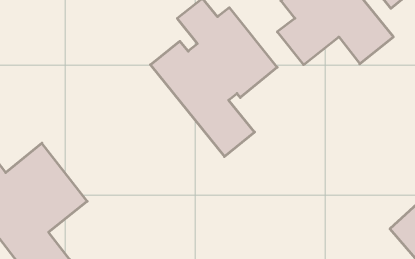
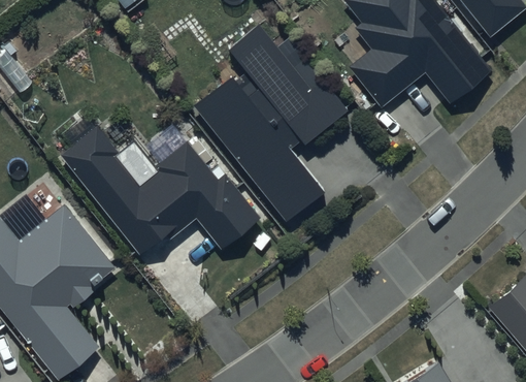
building: none -> [59,123,262,254]

